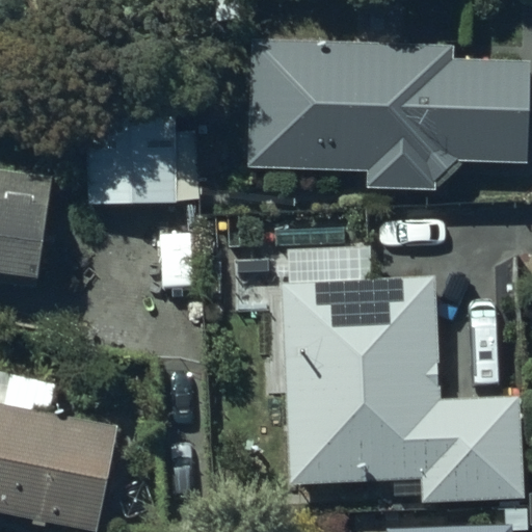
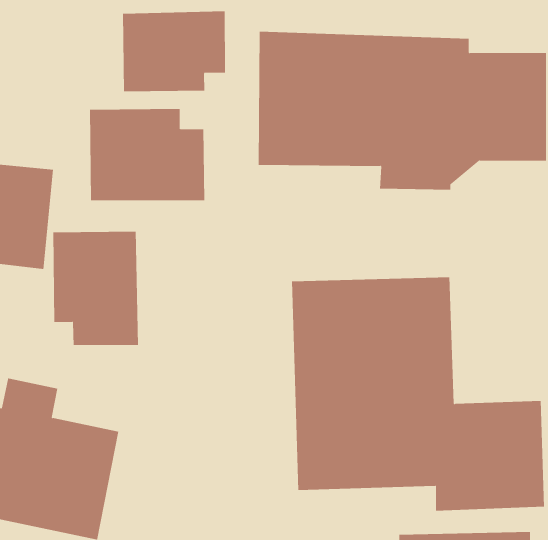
building: none -> [123,11,226,92]
building: none -> [53,231,139,346]

